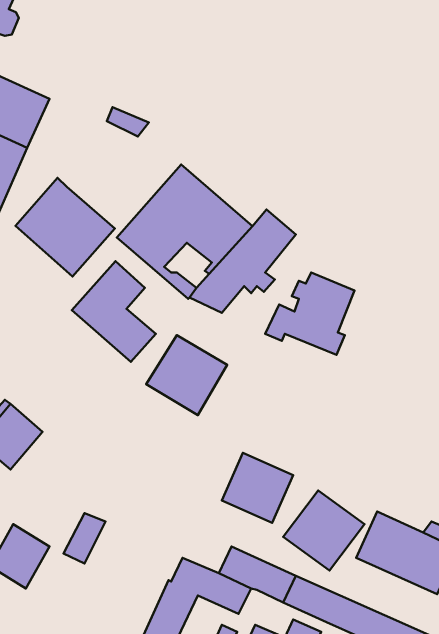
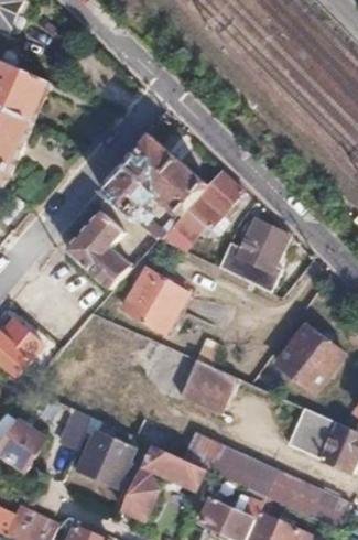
building: [15,178,115,276] -> none
building: [283,491,364,570] -> [279,326,343,389]
building: none -> [78,431,132,485]

